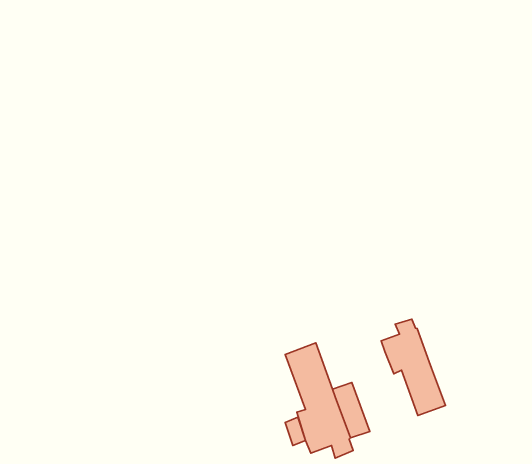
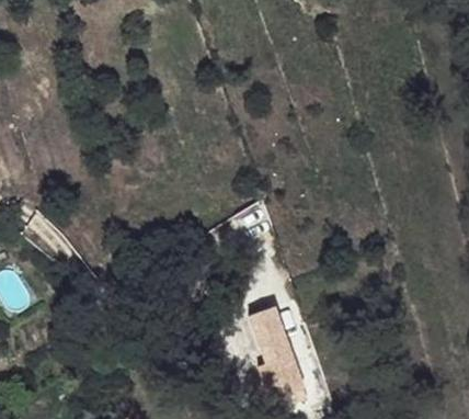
building: [381,319,445,415] -> none

